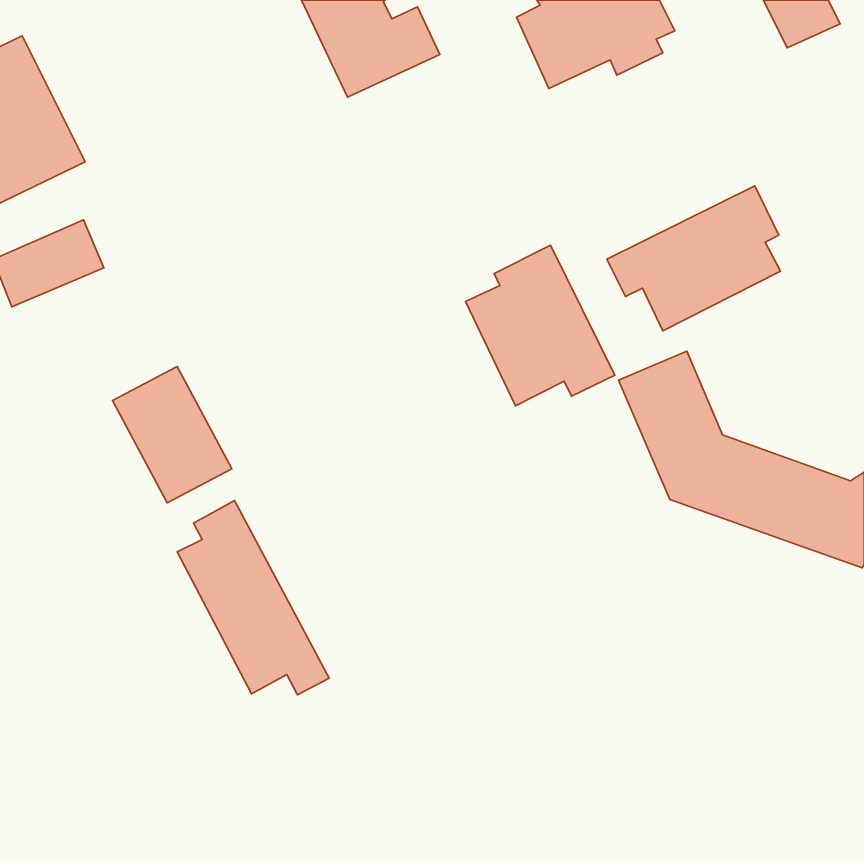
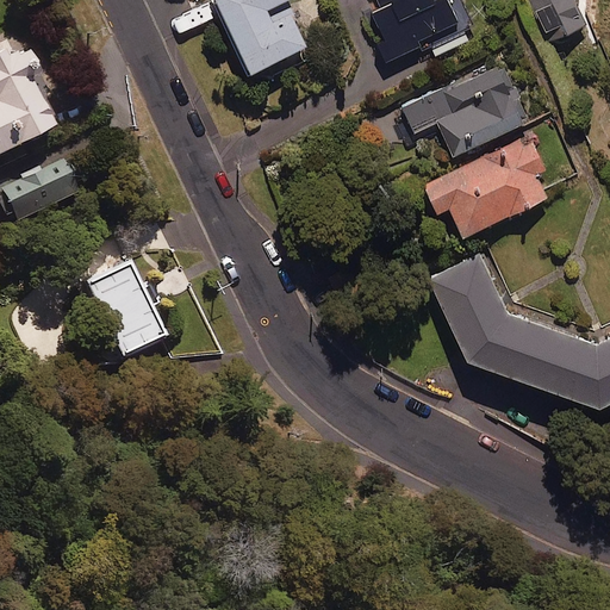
building: none -> [399,64,527,157]
building: [466,245,615,406] -> none
building: [177,501,329,695] -> none

